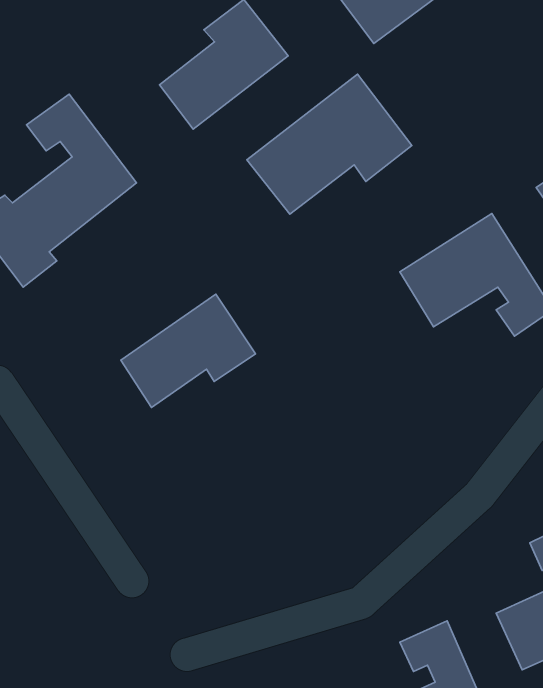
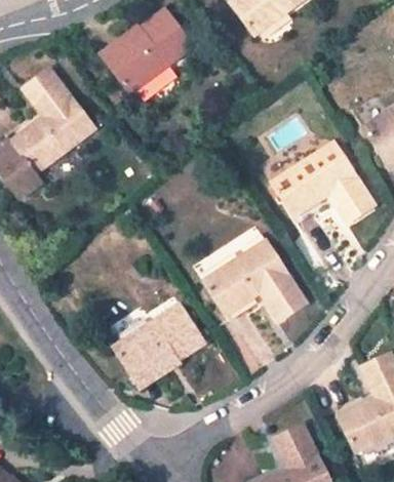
building: [247,74,412,214] -> none
building: [121,294,256,408] -> [116,305,206,380]
building: none -> [202,241,306,321]

